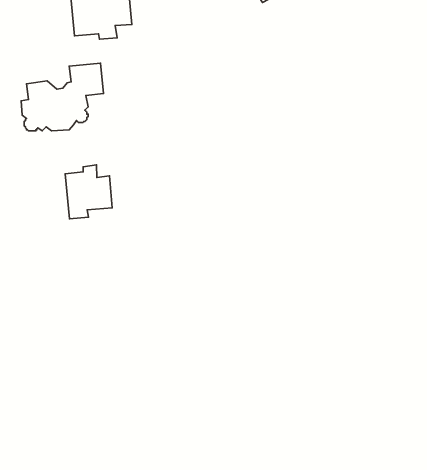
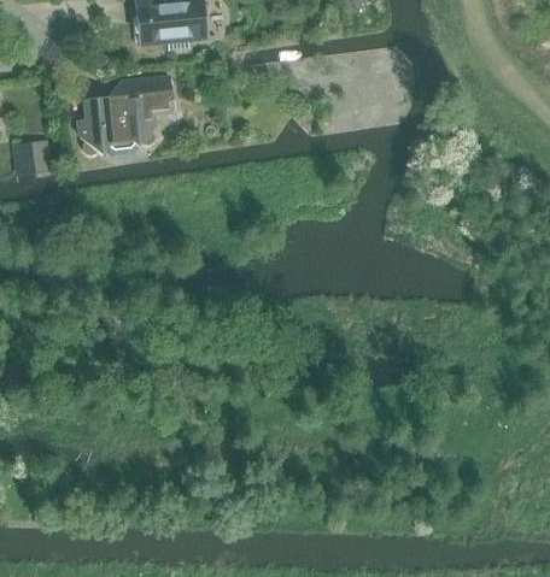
building: [65,165,112,219] -> none

